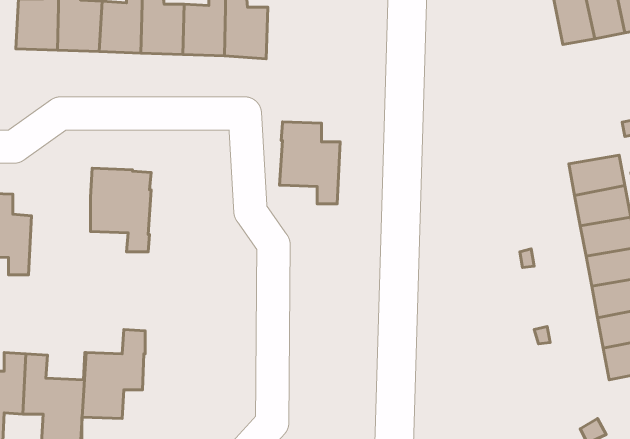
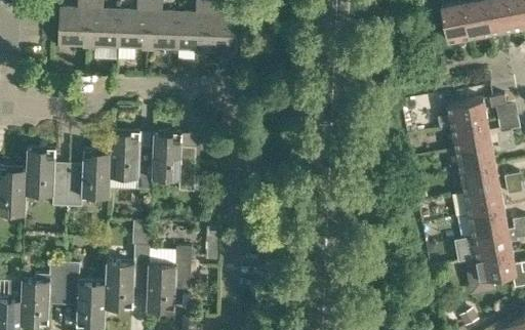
building: [280,122,340,204] -> [151,132,194,191]
building: none -> [446,98,486,127]
building: none -> [66,150,110,207]
building: none -> [146,246,191,311]

